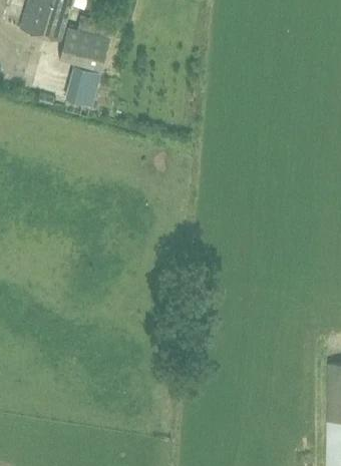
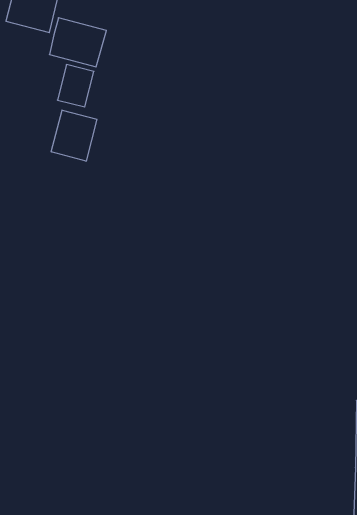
building: none -> [51,110,97,161]

